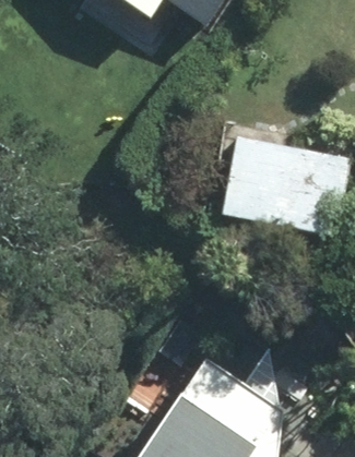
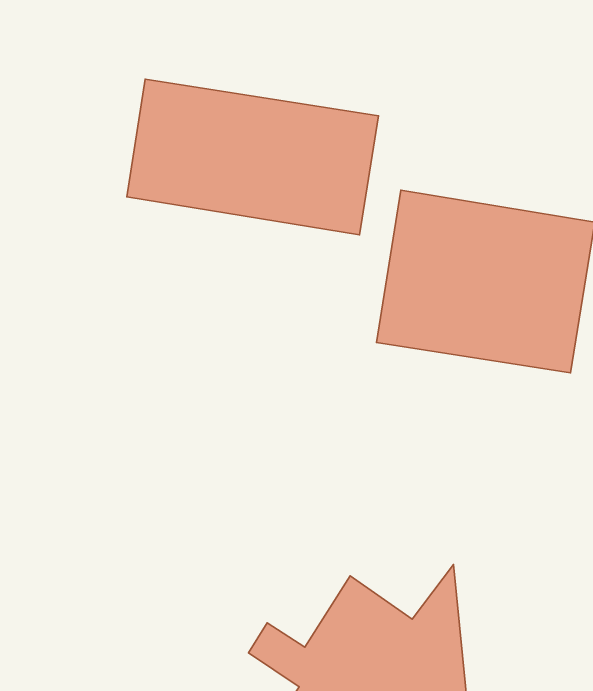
building: none -> [127,79,378,235]

